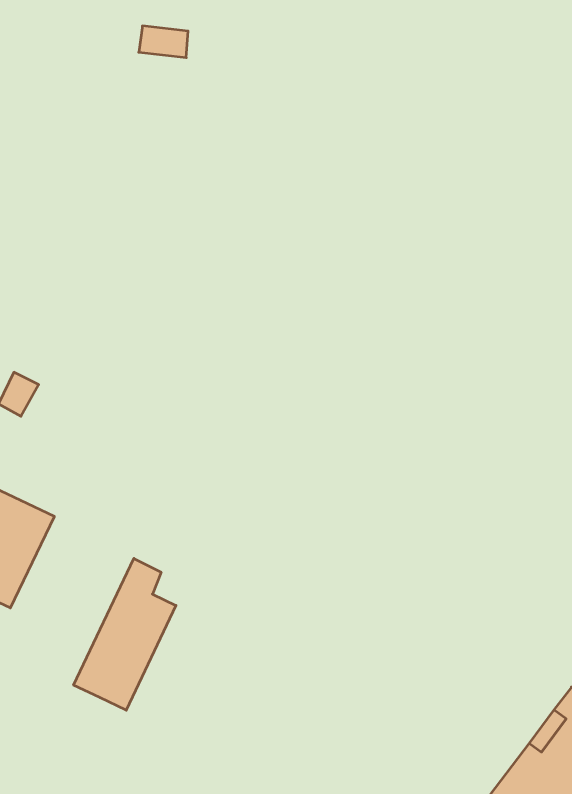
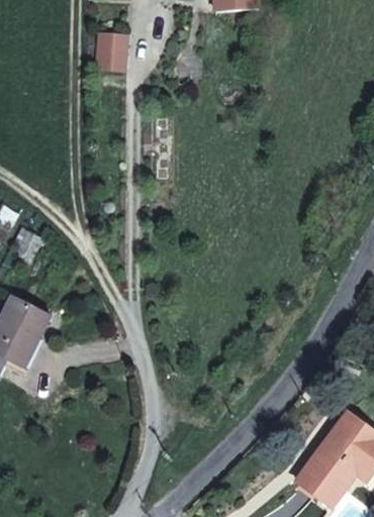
building: [74,558,176,710] -> none

